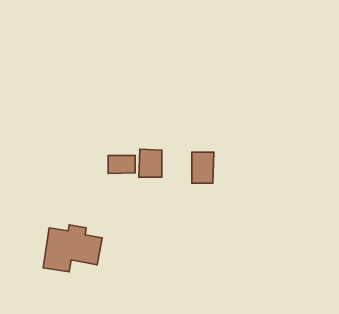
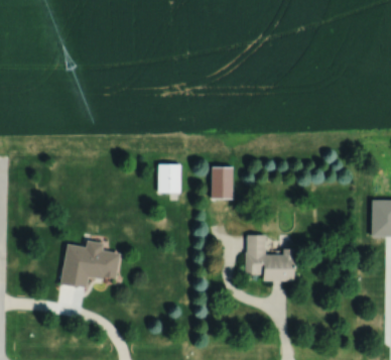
building: [108,155,135,174] -> none
building: none -> [245,235,295,280]

